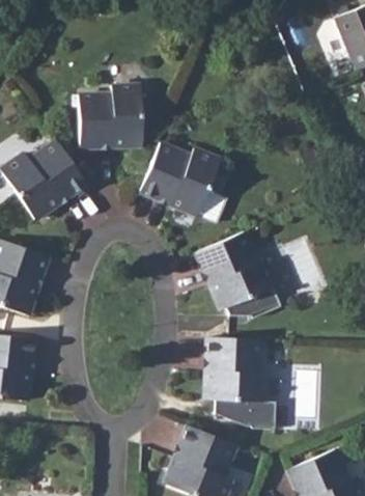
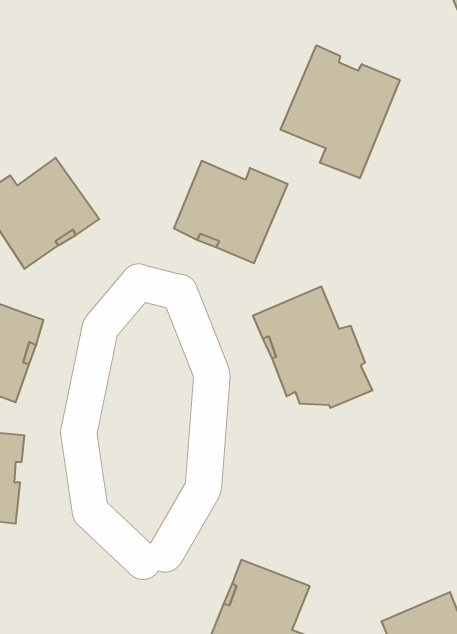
building: none -> [280,45,400,178]
building: [79,84,142,147] -> none
building: [205,336,277,429] -> none

